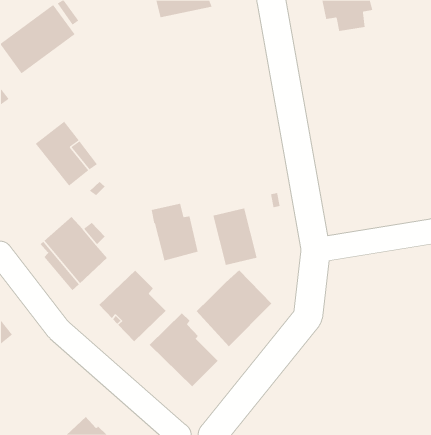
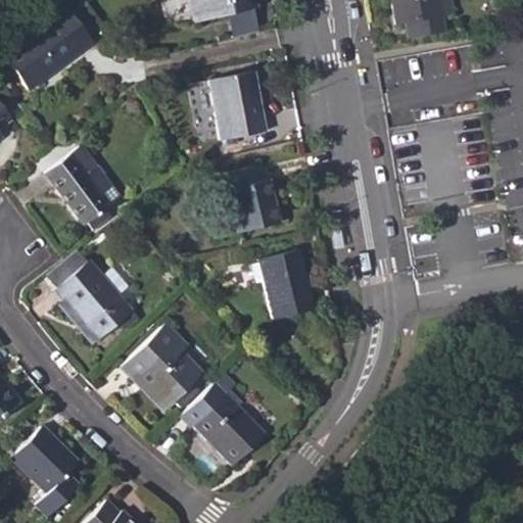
building: none -> [210,72,267,141]
building: [151,203,199,261] -> [224,164,281,234]
building: [196,269,272,347] -> none
building: none -> [11,426,79,515]

